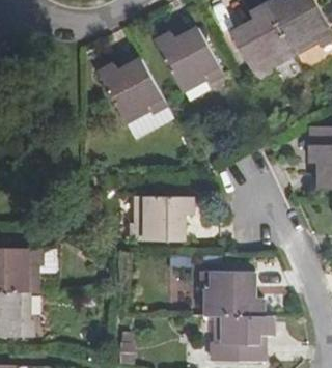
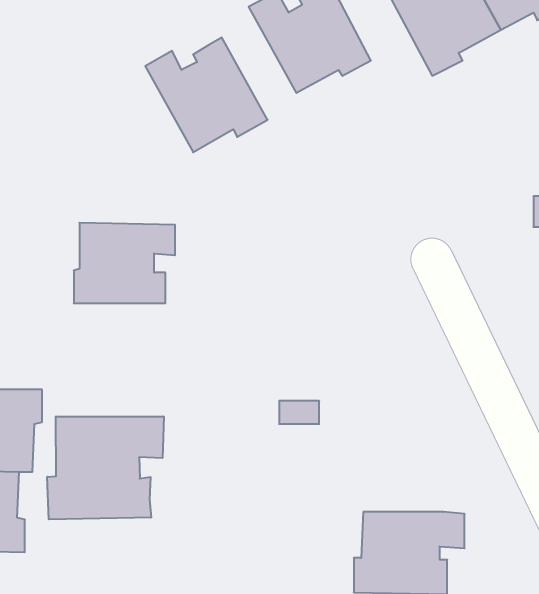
building: [134,197,189,240] -> [74,223,175,303]
building: none -> [47,416,164,519]
building: [202,272,261,315] -> none

